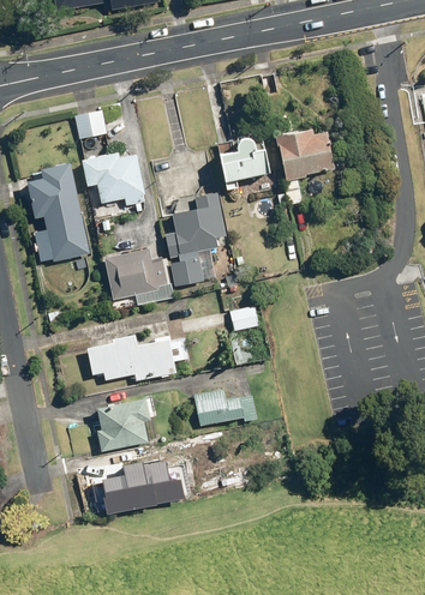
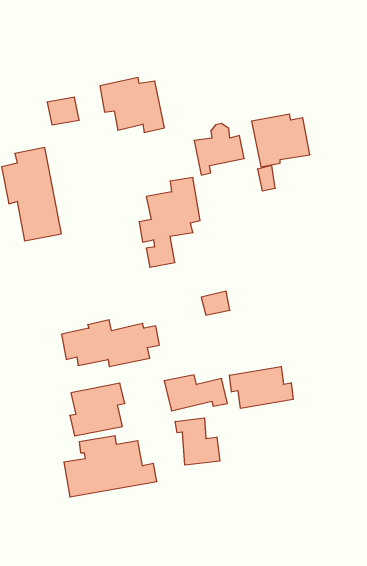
building: [83,151,148,206] -> [100,77,164,132]
building: [104,248,168,300] -> none
building: none -> [230,366,293,408]
building: none -> [175,418,220,465]

